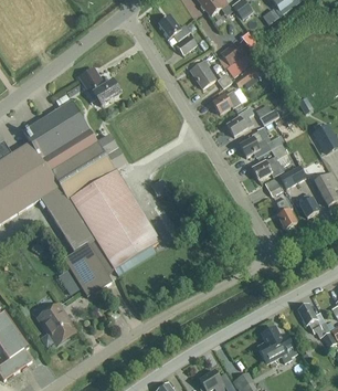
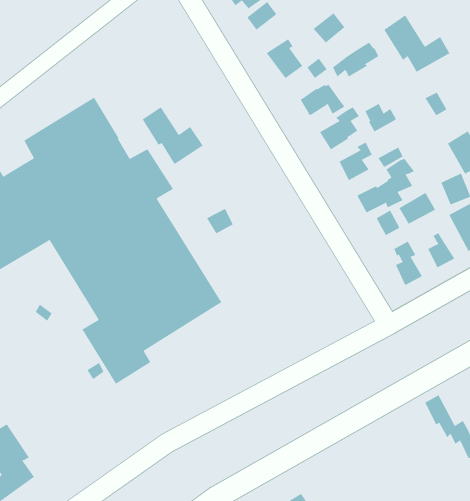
building: none -> [383,14,450,73]
building: [80,66,122,106] -> [142,107,203,165]
building: [39,304,72,342] -> none
building: [258,326,297,362] -> none

